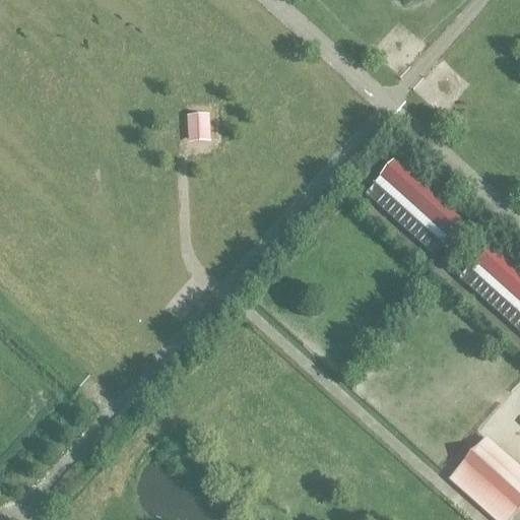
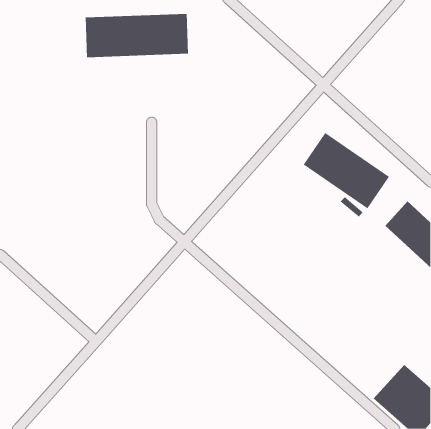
building: none -> [85,13,188,58]
building: [187,111,208,137] -> none

